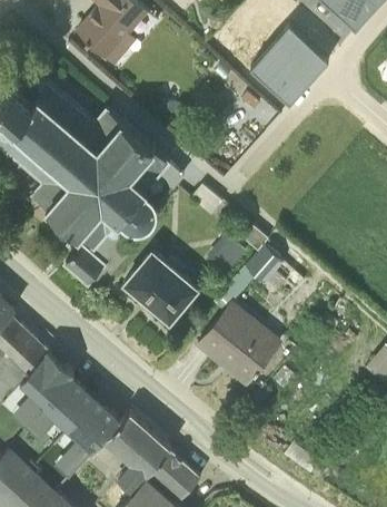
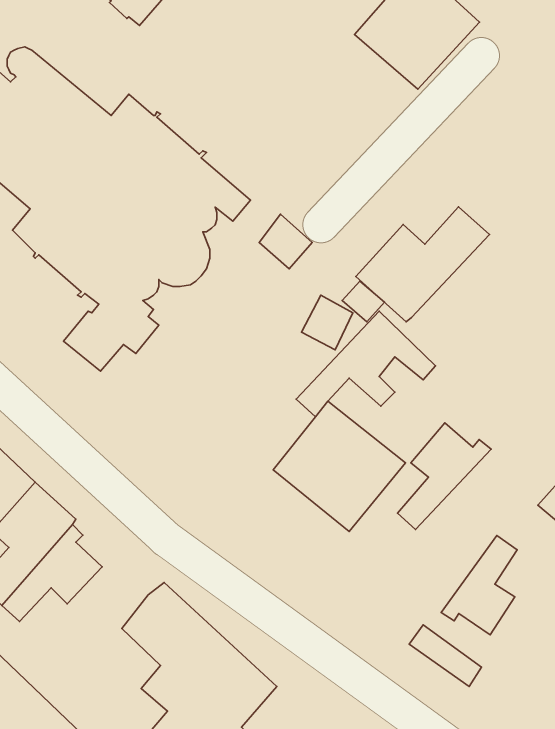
building: none -> [356,207,490,322]
building: [123,245,198,318] -> none
building: none -> [398,423,491,529]
building: none -> [441,536,517,635]
building: [53,402,118,476] -> none

